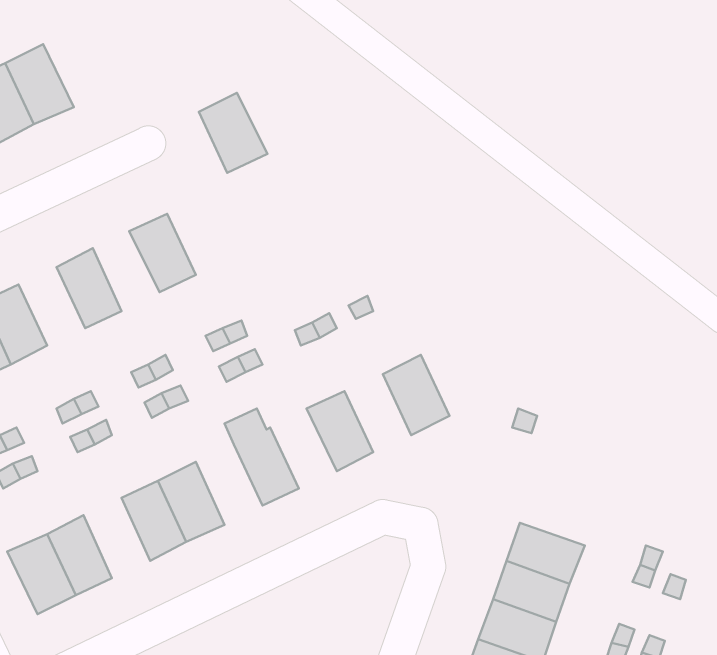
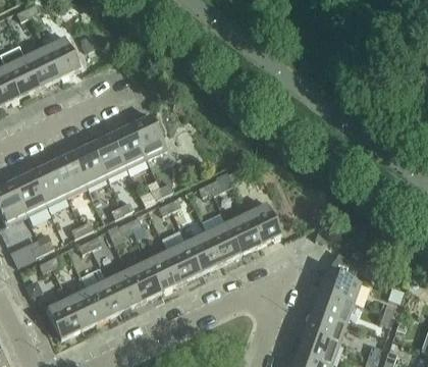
building: [199,93,267,173] -> [130,115,167,158]
building: none -> [91,135,126,177]
building: none -> [51,154,87,196]
building: none -> [225,211,261,253]
building: none -> [185,229,221,272]
building: none -> [146,249,181,292]
building: none -> [319,254,361,303]
building: none -> [81,266,121,320]

